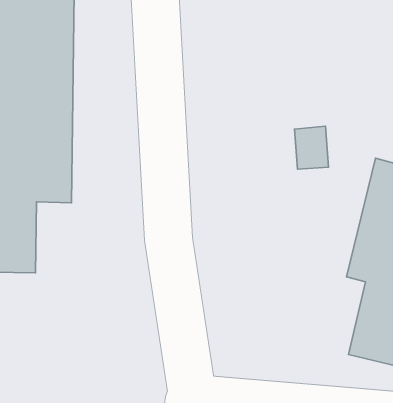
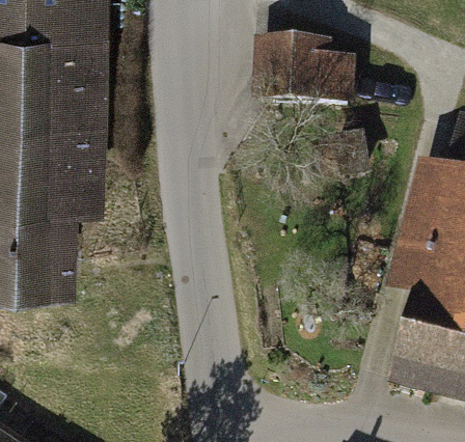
building: none -> [251,44,352,113]

